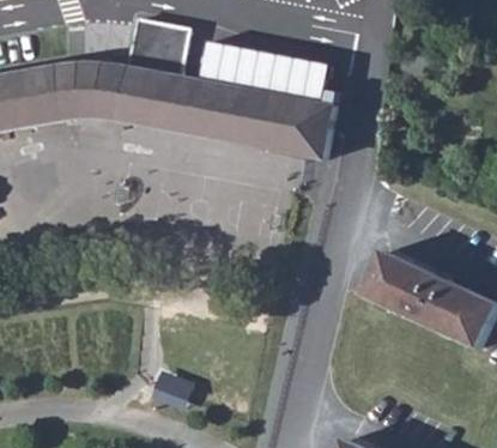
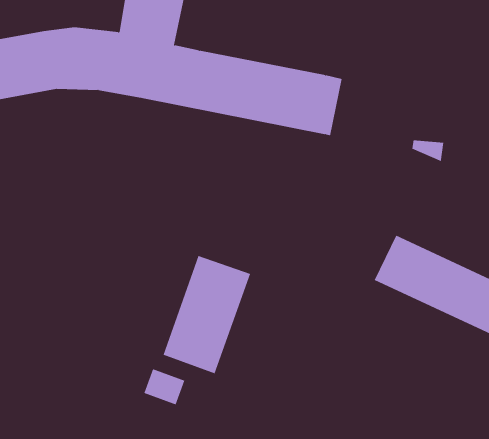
building: [202,41,327,104] -> none
building: none -> [163,255,251,374]

